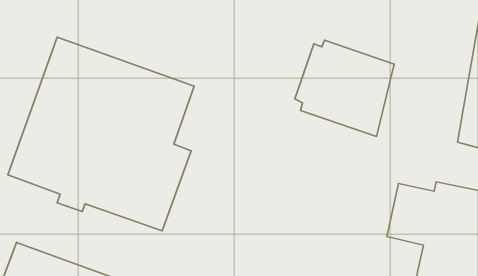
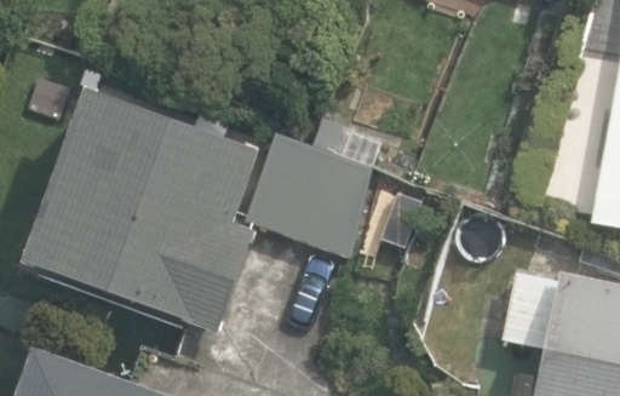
building: [295,40,394,136] -> [247,137,372,258]

